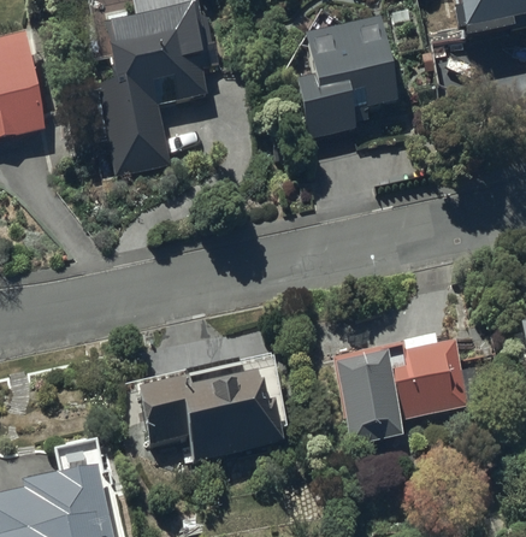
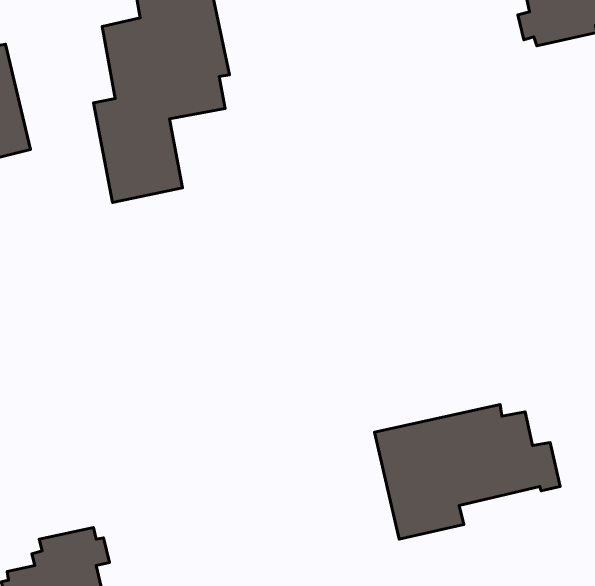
building: [299,12,398,137] -> none
building: [138,359,286,461] -> none

